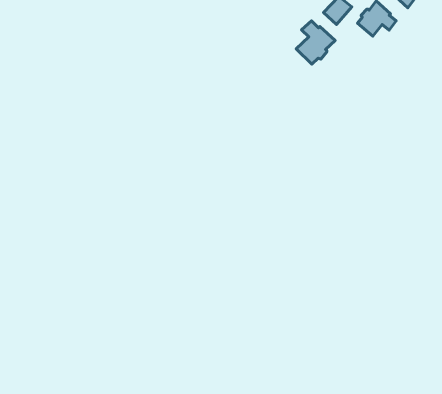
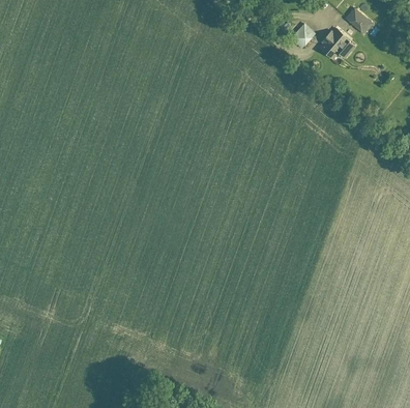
building: [296,21,335,64] -> none

